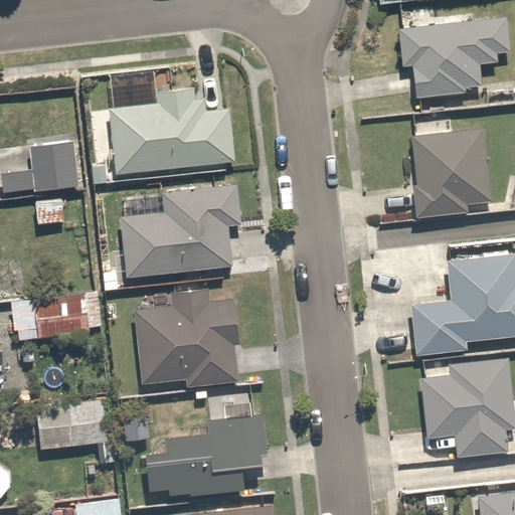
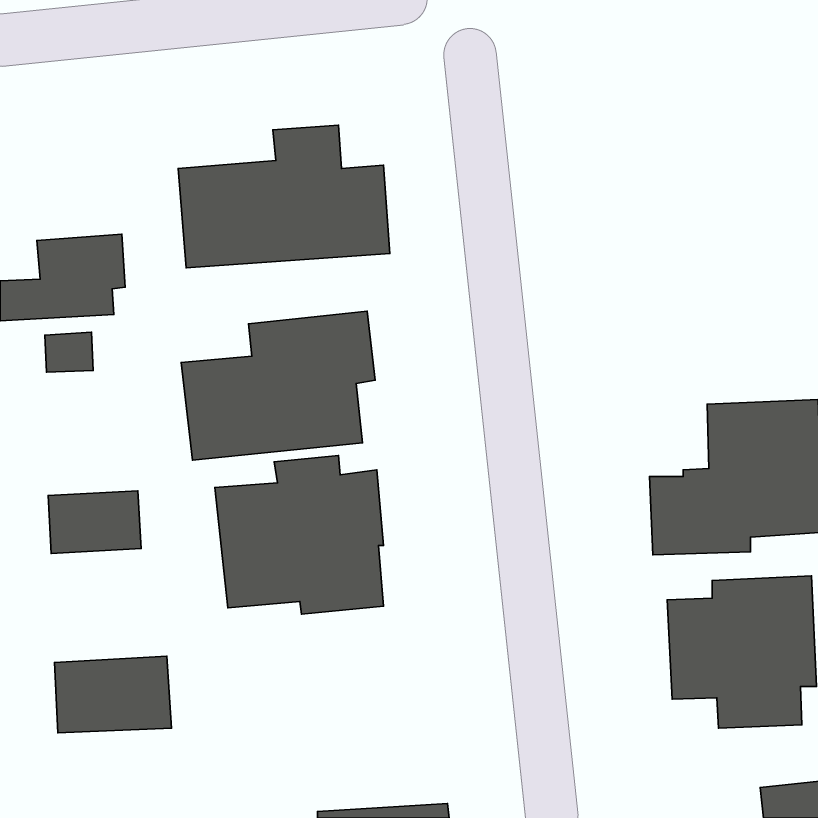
building: [393,16,508,99] -> none
building: [410,128,489,217] -> none
building: [148,401,271,497] -> none

